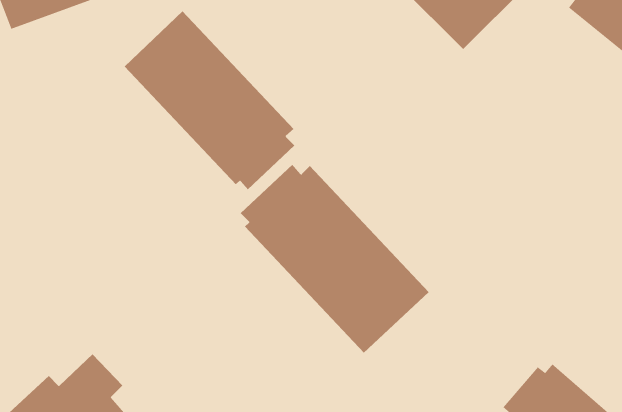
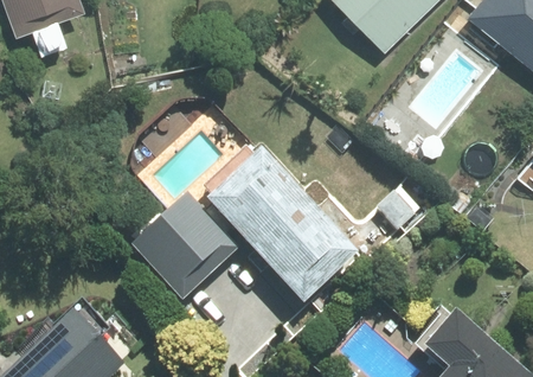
building: [124,11,295,190] -> none
building: none -> [133,192,238,298]

